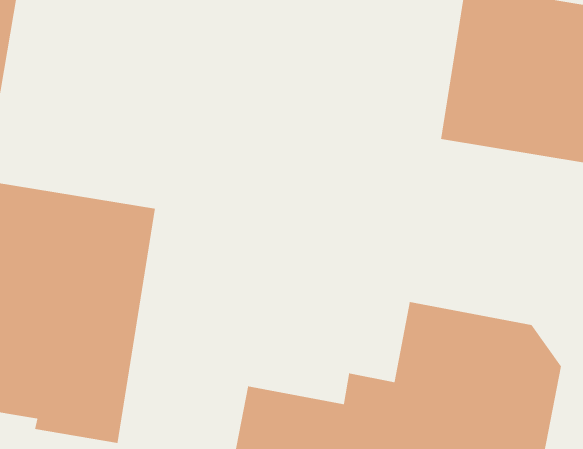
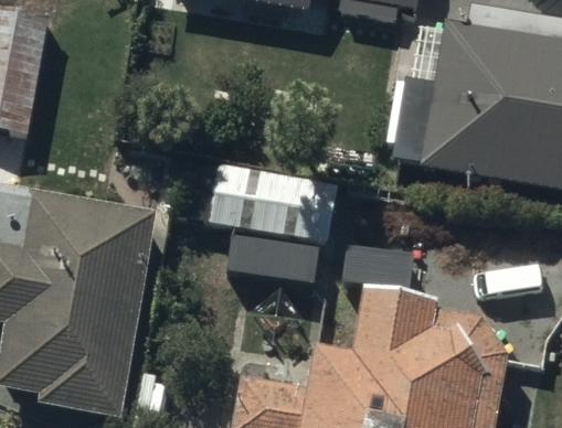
building: none -> [199,165,321,275]

